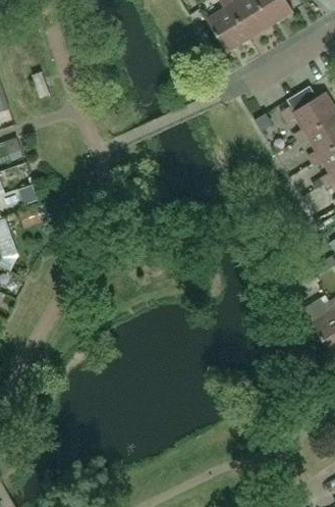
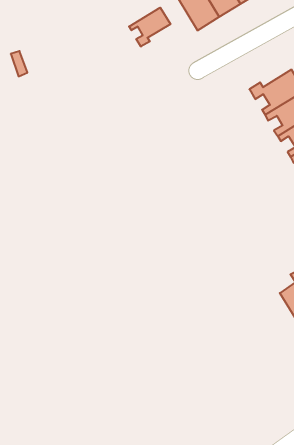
building: none -> [129,8,170,47]

